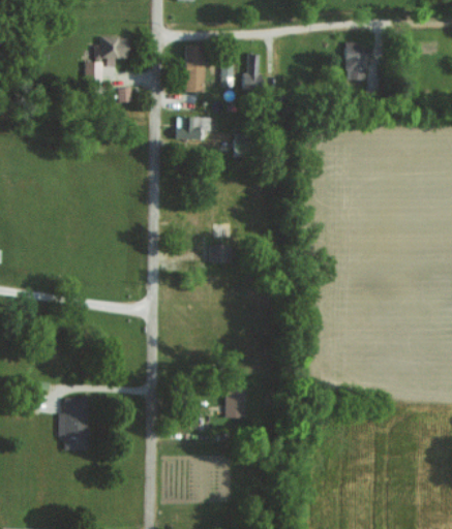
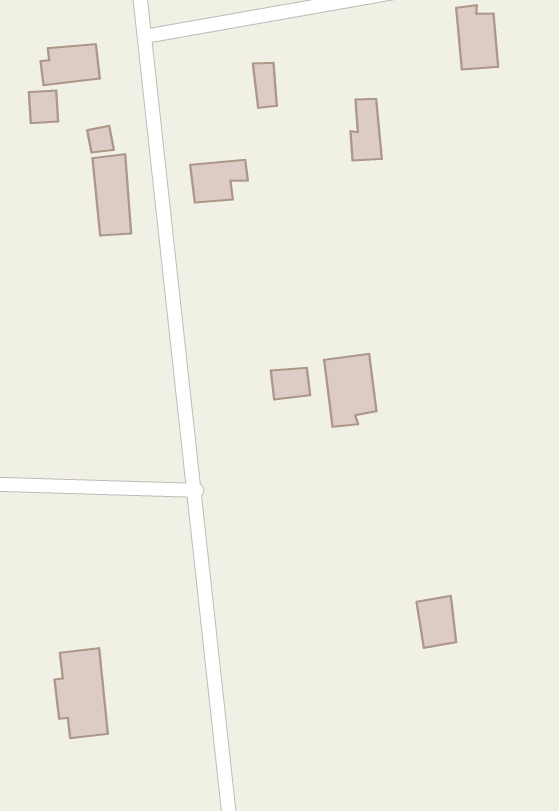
building: [185,45,206,93] -> [92,154,131,235]
building: [242,54,261,91] -> [351,99,382,161]
building: none -> [324,354,377,427]
building: [224,390,245,418] -> [417,596,456,648]

